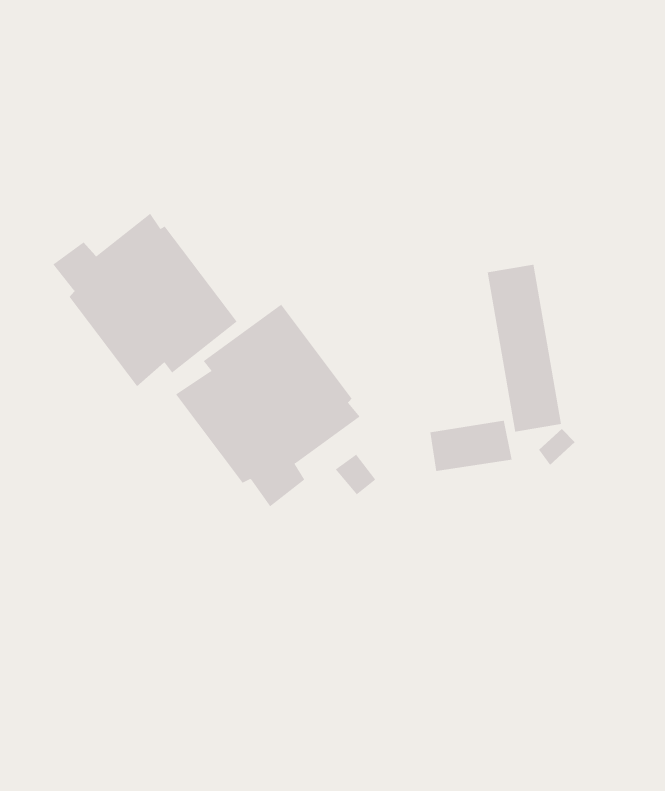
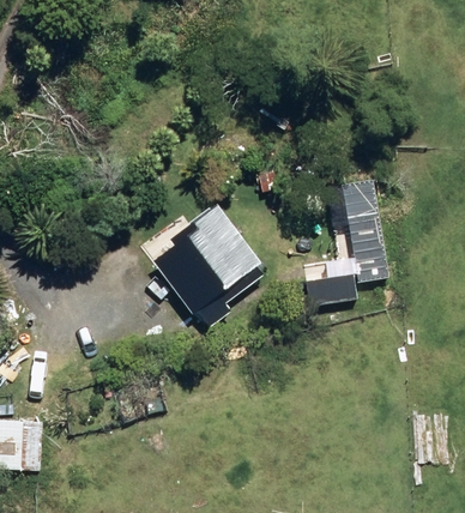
building: [52,213,238,387] -> none

